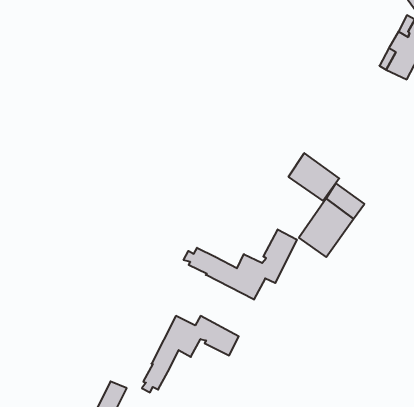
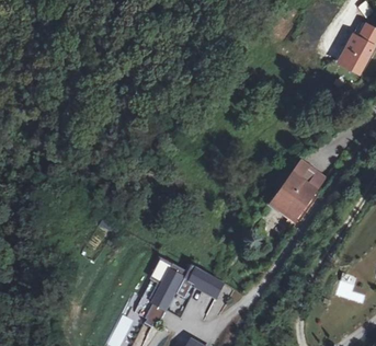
building: [289,153,339,201] -> none
building: [184,229,297,300] -> none

